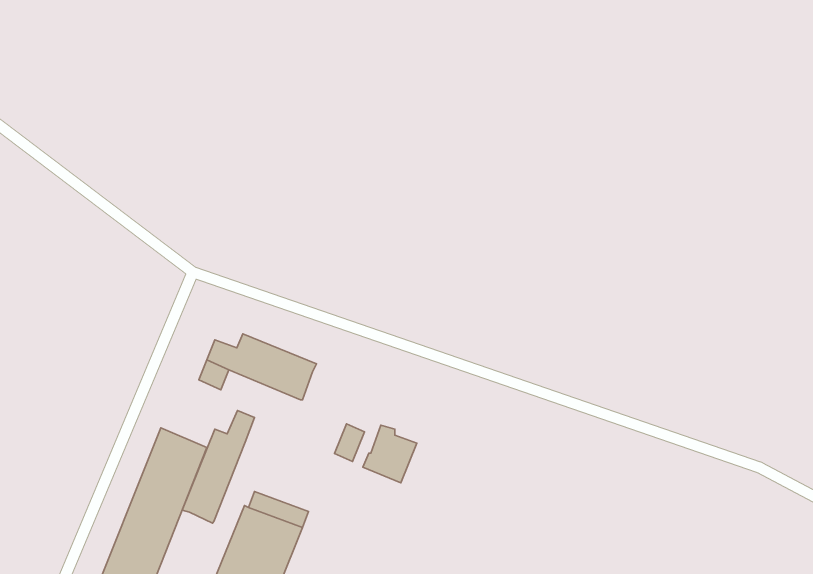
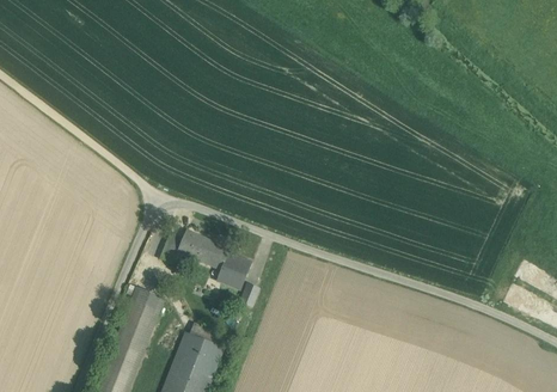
building: [182,410,254,523] -> none
building: [363,425,417,483] -> [216,252,249,287]

